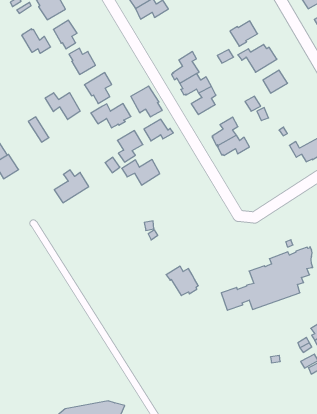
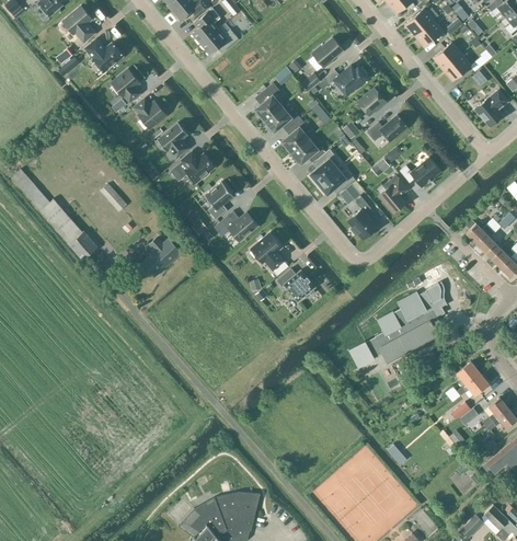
building: [22,29,51,53] -> none
building: [131,86,162,117] -> none
building: [45,93,80,120] -> none
building: none -> [366,115,406,141]
building: [144,119,173,141] -> [290,138,324,164]
building: none -> [379,175,405,212]
building: none -> [347,196,377,239]
building: none -> [250,233,284,270]
building: [166,266,198,296] -> [276,268,314,301]

